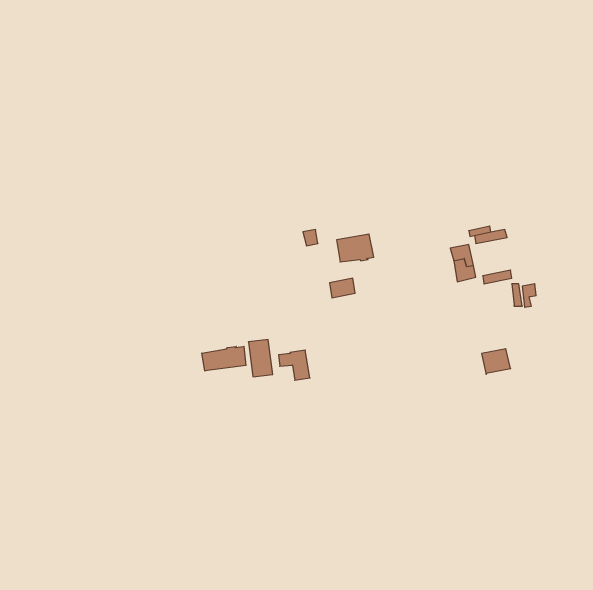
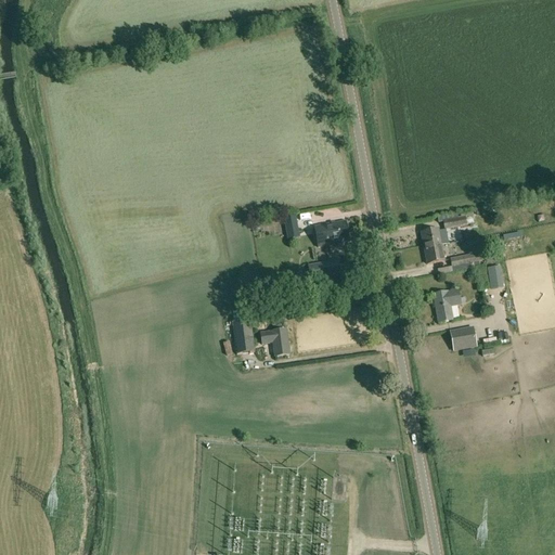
building: none -> [433,288,461,322]
building: [202,346,246,371] -> none

